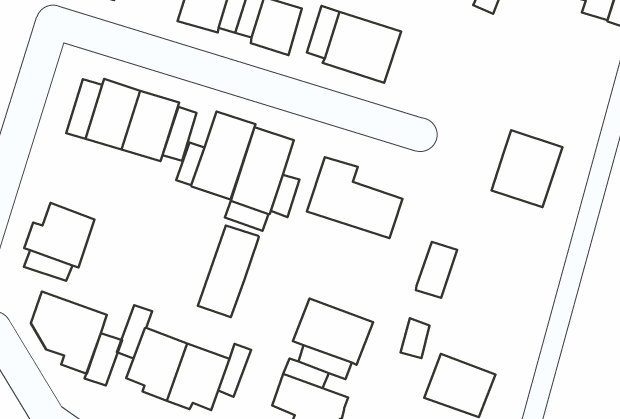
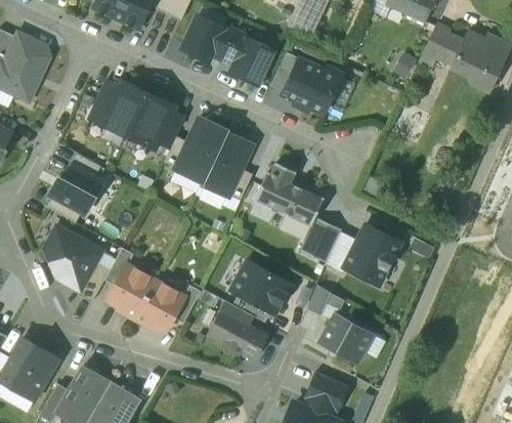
building: [491,130,562,207] -> [344,226,399,285]
building: [198,226,259,317] -> none
building: none -> [299,217,341,262]

